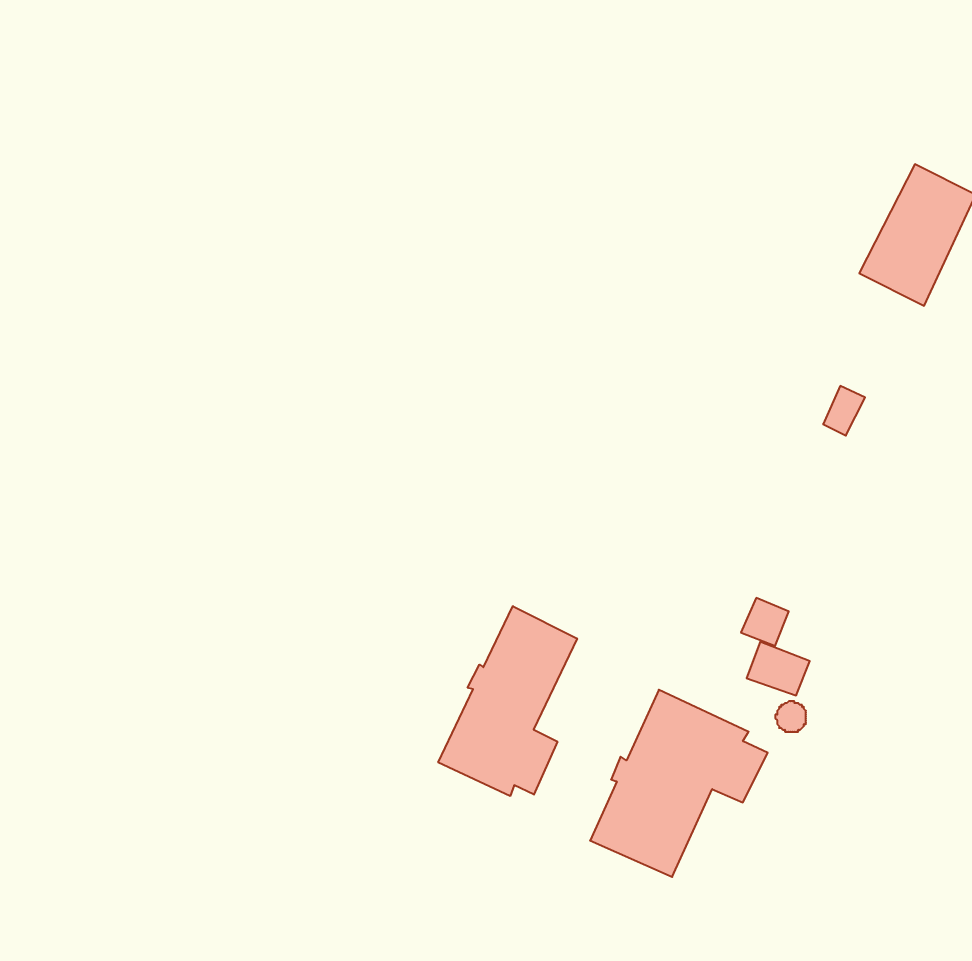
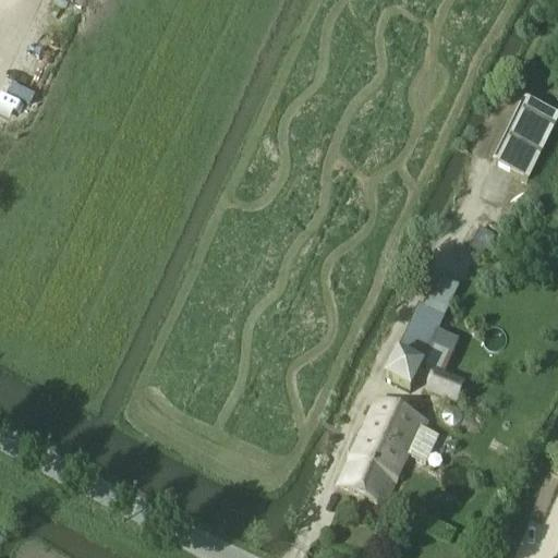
building: none -> [387,300,446,385]
building: [438,606,577,796] -> none

